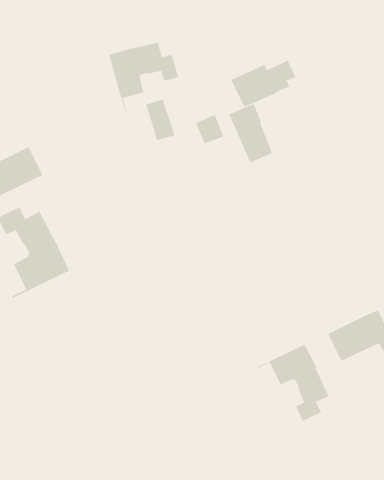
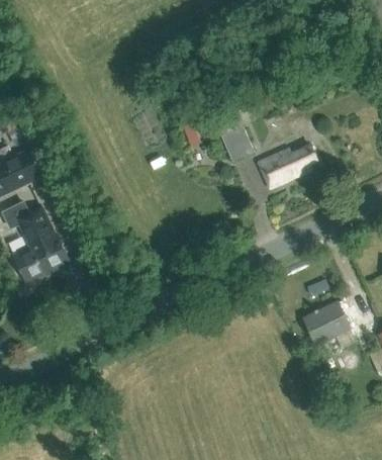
building: [109,42,179,114] -> none
building: [231,60,296,107] -> [258,145,317,188]
building: [257,344,329,422] -> none

